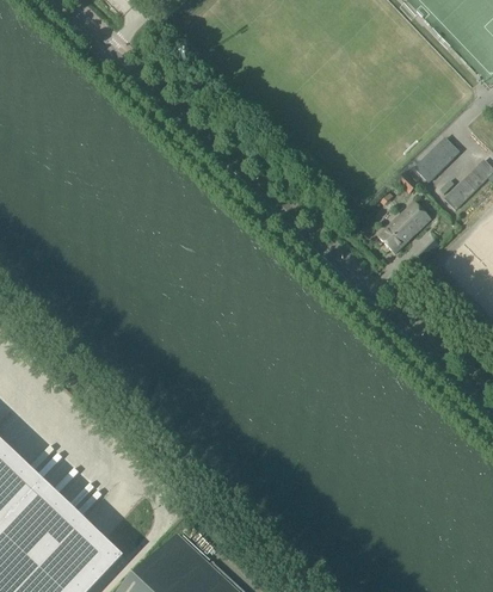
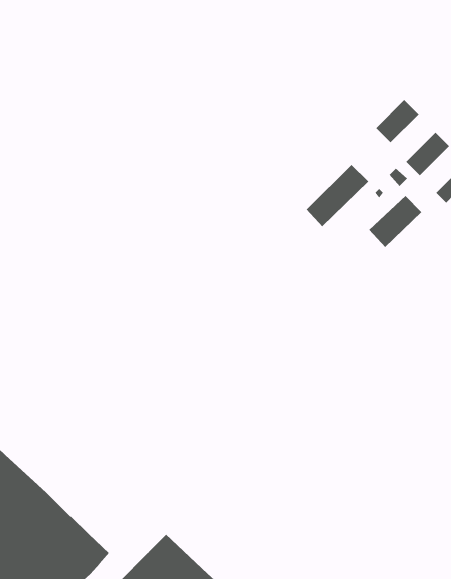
building: none -> [375,99,419,143]
building: none -> [306,164,369,227]

